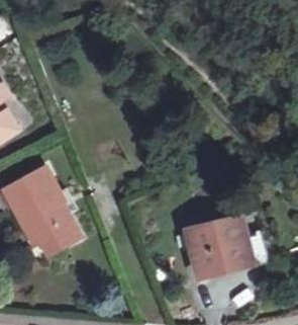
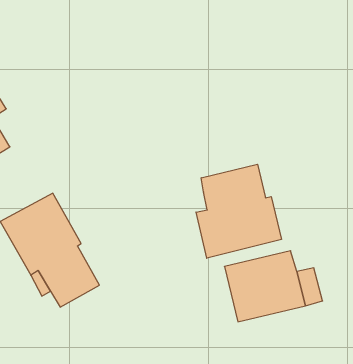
building: none -> [196,164,281,258]

